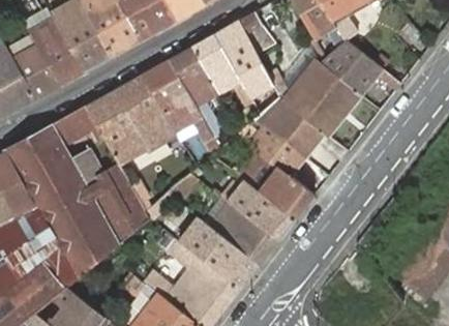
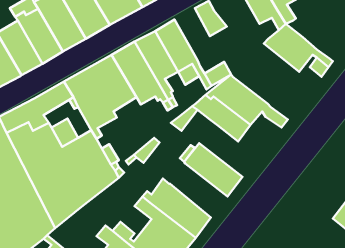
building: [215,21,268,89] -> none
building: [283,39,361,137] -> none
building: [238,151,313,218] -> none
building: [209,203,277,266] -> none

